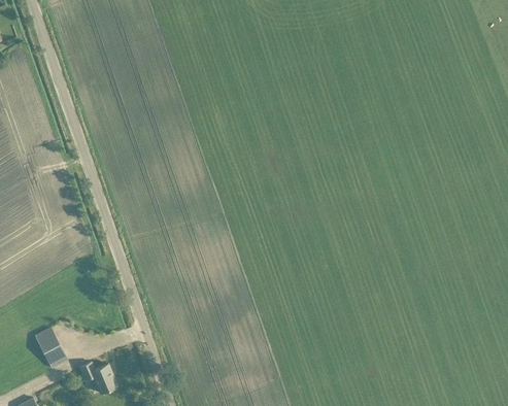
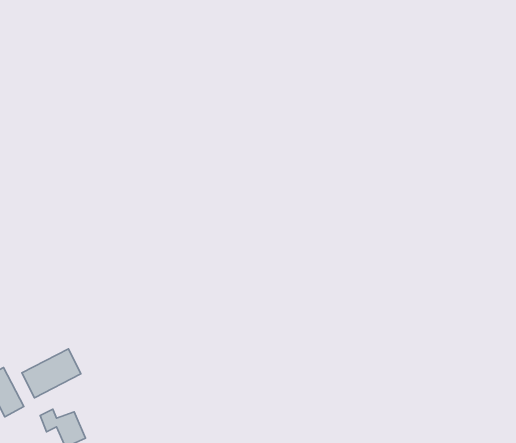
building: none -> [22,349,81,398]

